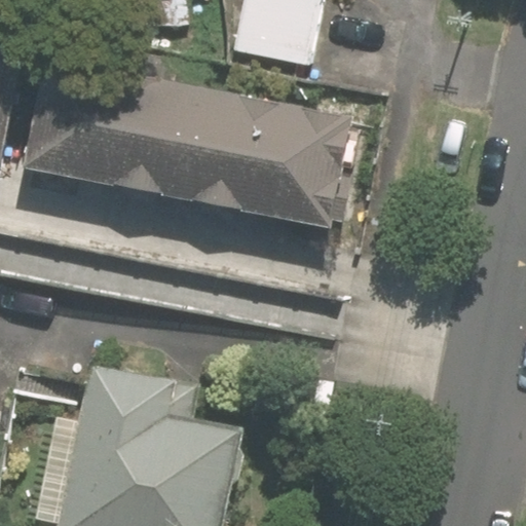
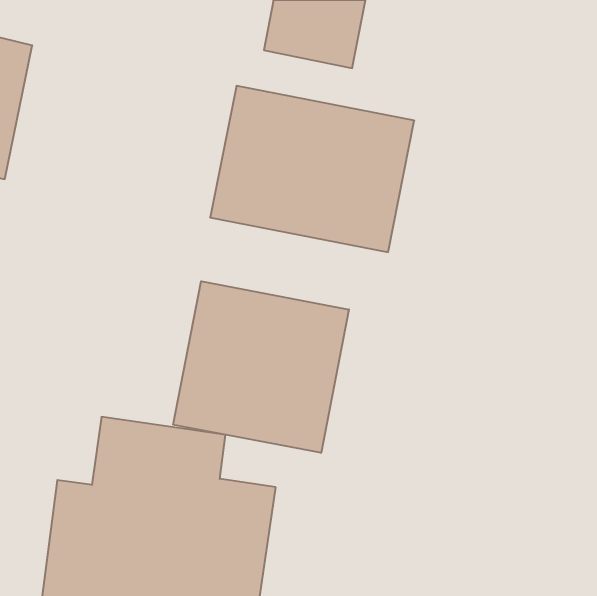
building: [28,57,203,199] -> none
building: none -> [173,281,349,453]

